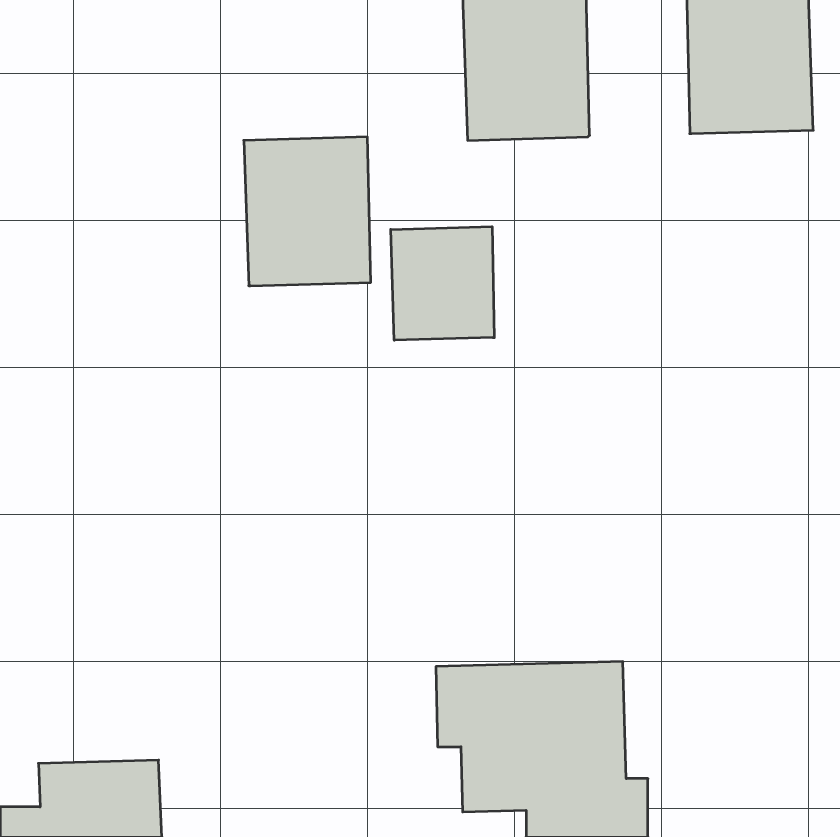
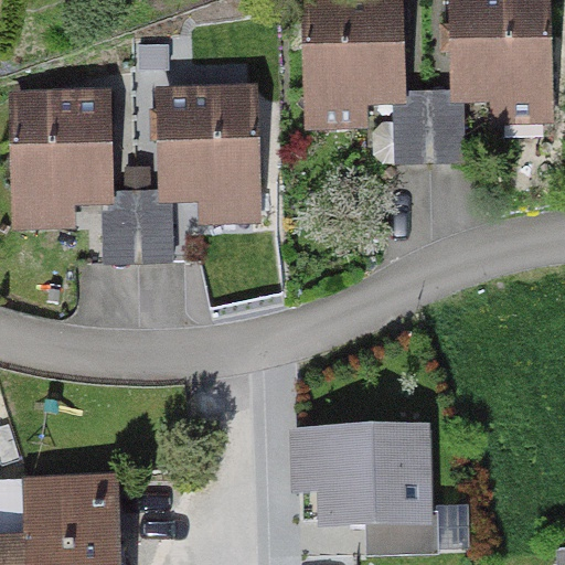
building: none -> [23,95,107,192]
building: [391,227,494,340] -> none

